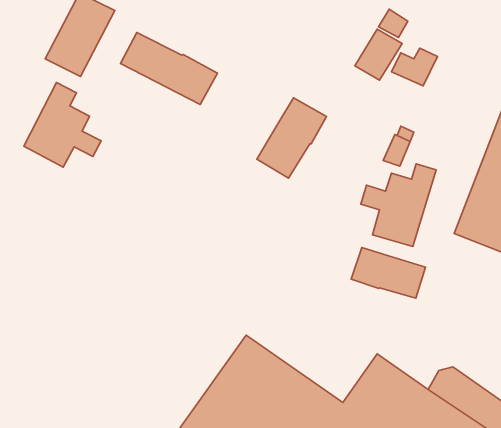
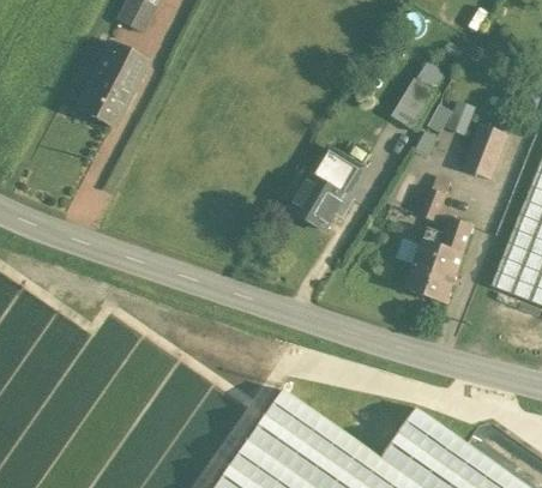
building: [121,33,217,105] -> none
building: none -> [464,126,511,183]
building: [24,83,101,167] -> none
building: [351,247,425,298] -> none

